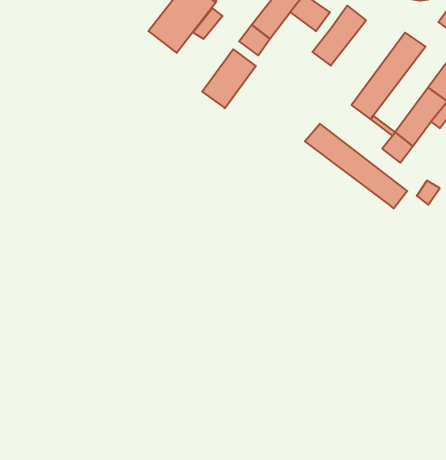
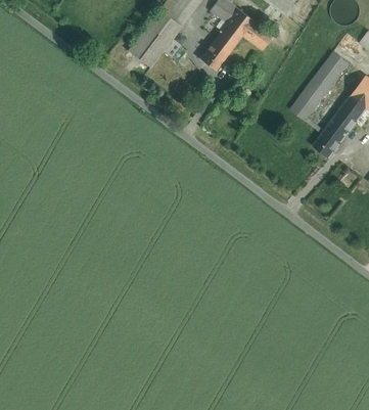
building: [312,6,366,66] -> none
building: [202,49,256,108] -> none
building: [305,124,407,209] -> none

